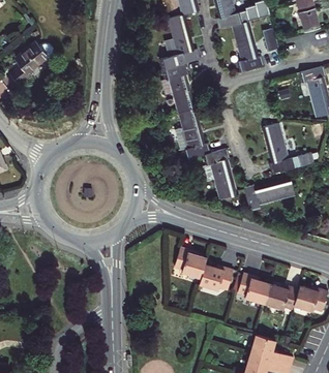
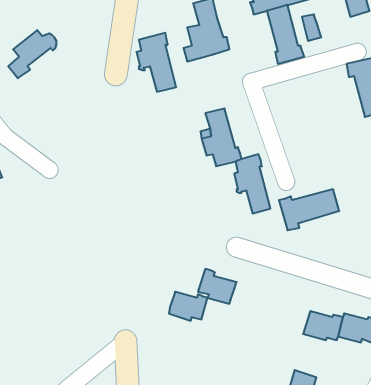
building: [161,64,196,115] -> [136,33,176,92]
building: [261,124,311,176] -> none
building: [199,266,232,290] -> [169,292,208,321]
building: [237,273,269,304] -> none

